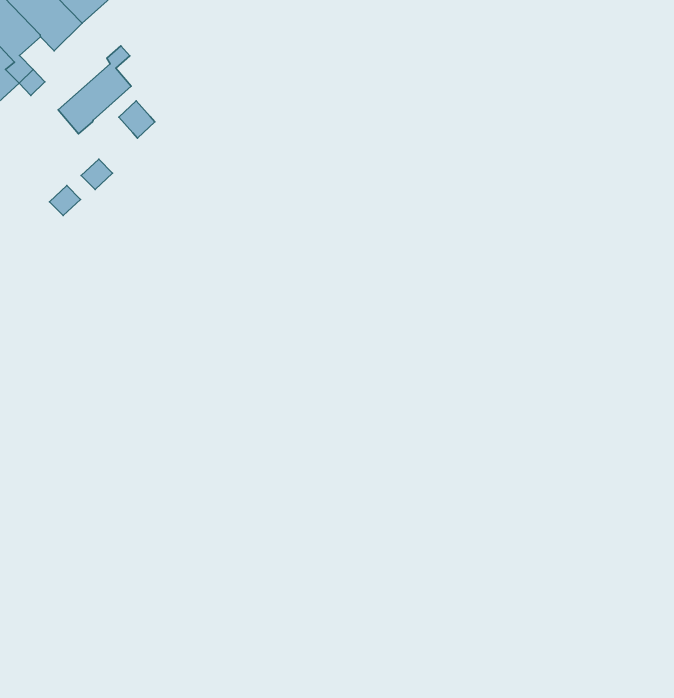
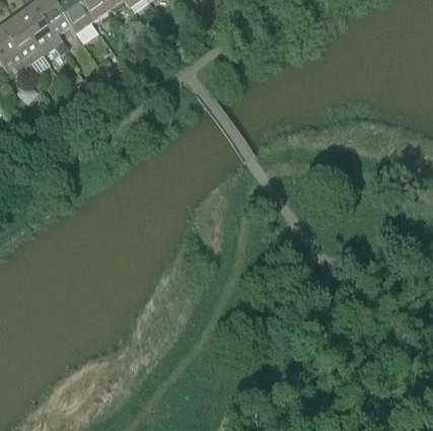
building: [58,46,131,134] -> none

